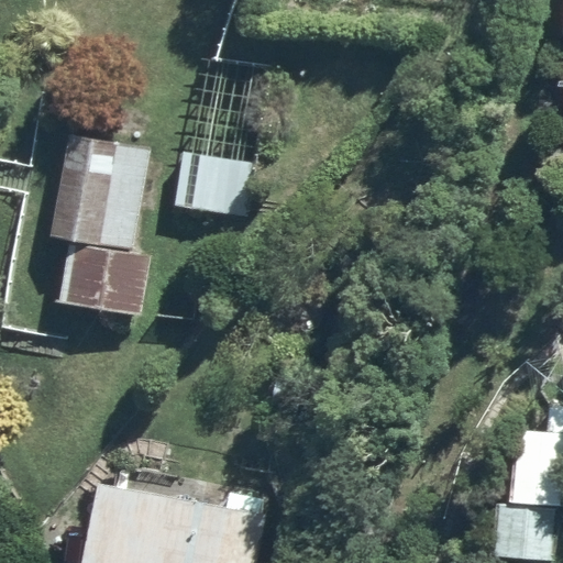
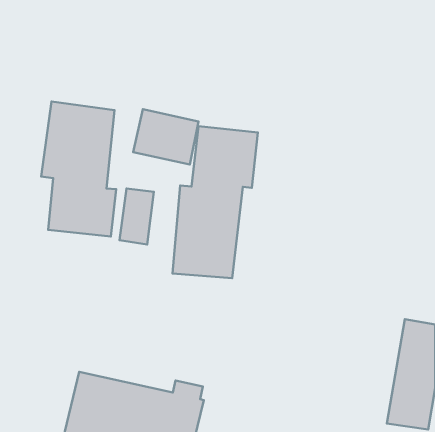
building: none -> [172,126,258,278]

